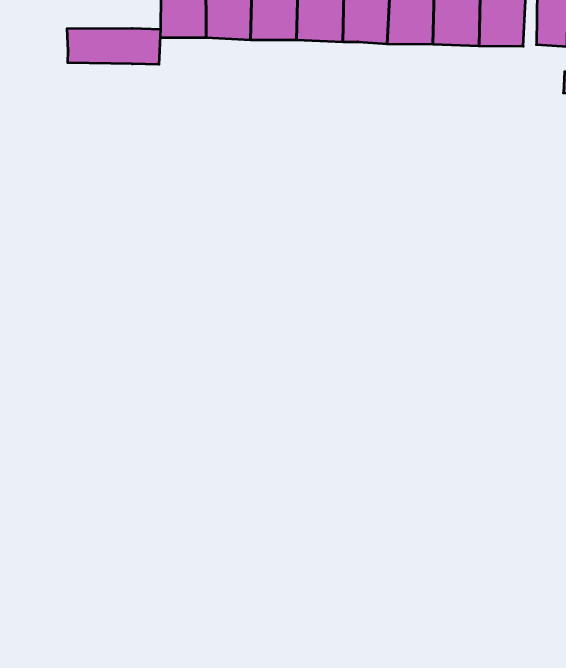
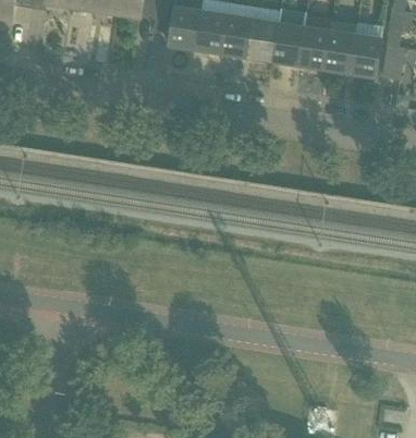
building: [67,28,160,64] -> none

